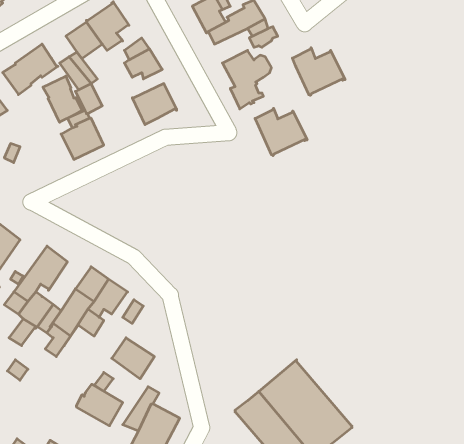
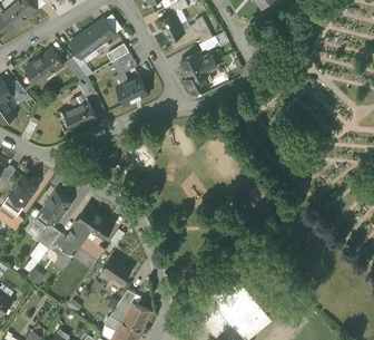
building: [292,48,345,95] -> none
building: [43,76,83,122] -> none
building: [255,108,307,156] -> none
building: [76,384,123,426] -> none

